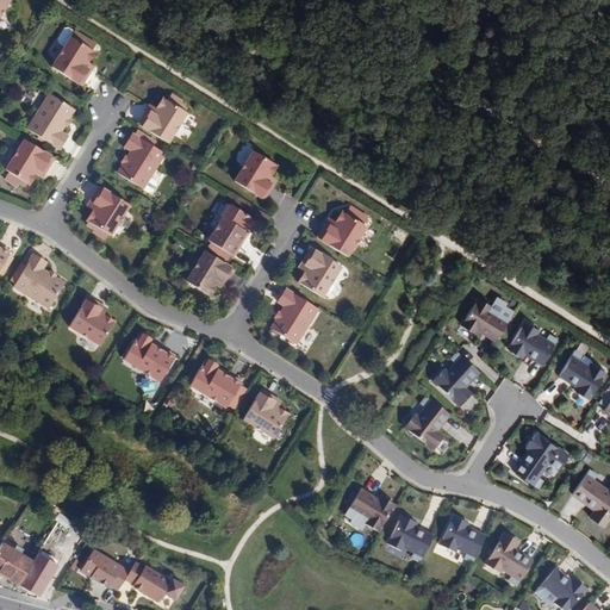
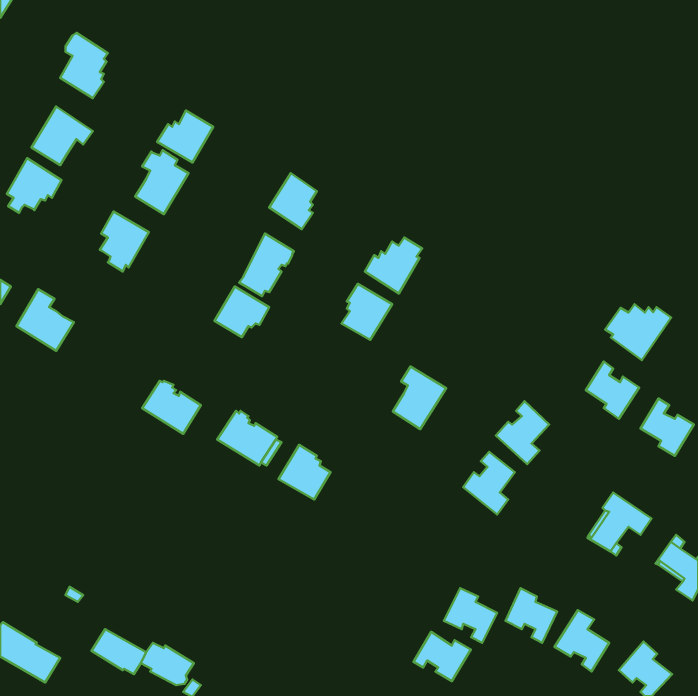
building: none -> [605,304,671,360]
building: [272,290,318,344] -> [393,366,446,429]
building: [69,294,114,343] -> none
building: [460,297,510,340] -> none
building: [346,487,396,530] -> [414,632,471,681]

